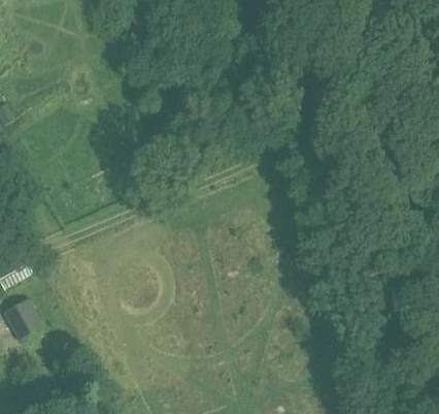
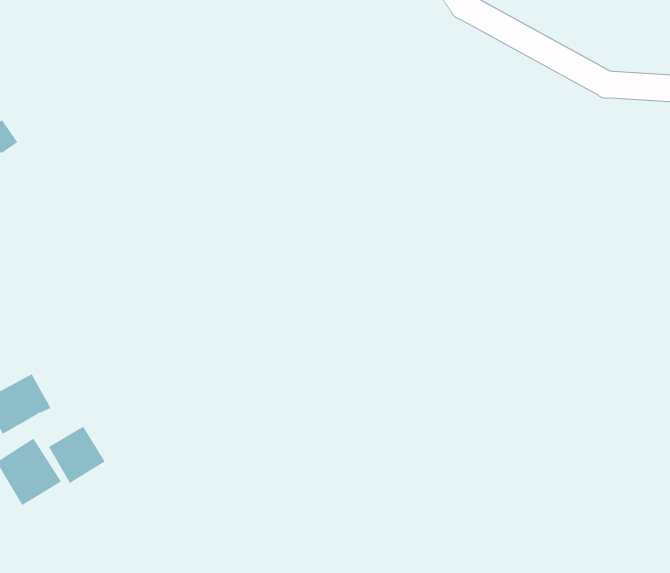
building: none -> [48,426,106,484]

